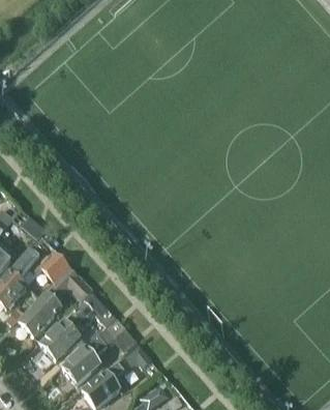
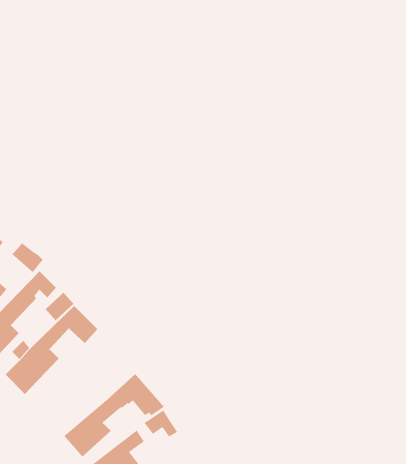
building: [36,293,110,357] -> none

